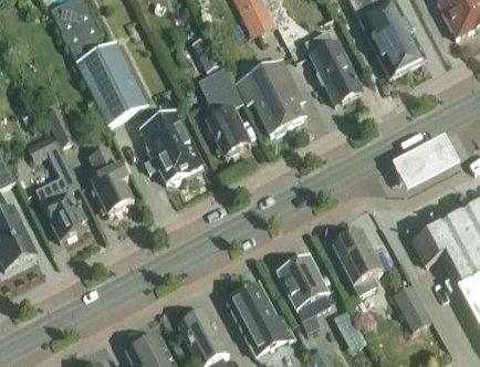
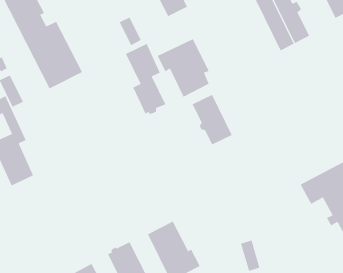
building: [311,41,361,103] -> [192,94,233,145]
building: [142,114,202,184] -> none
building: [392,136,458,190] -> none
building: [88,146,134,213] -> none
building: [332,231,389,295] -> none
building: [278,255,330,319] -> none
building: [392,283,429,328] -> none

